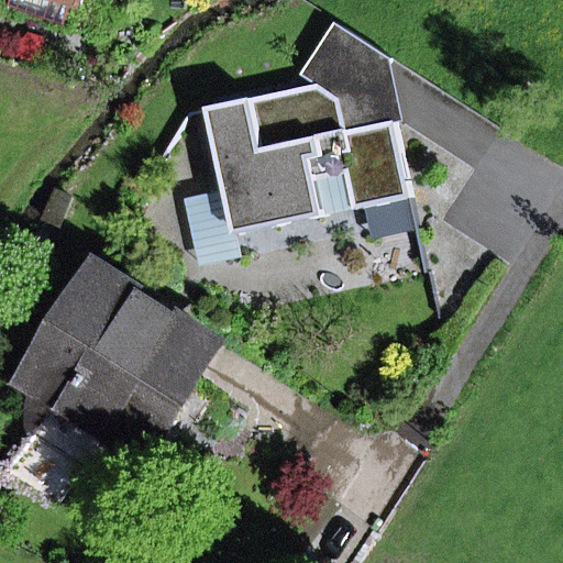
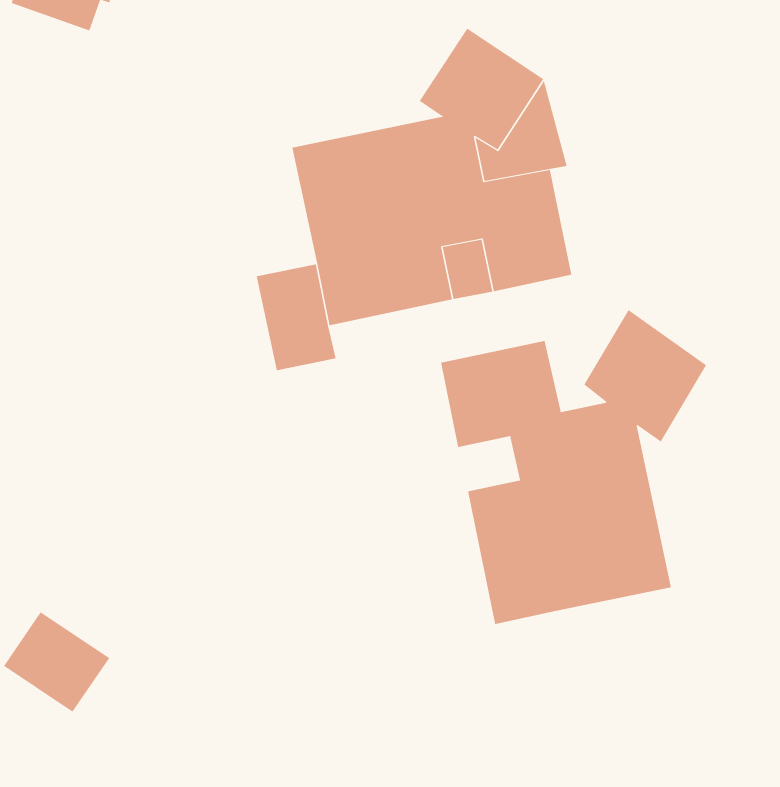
building: none -> [441,309,707,625]
building: [29,268,212,451] -> none

